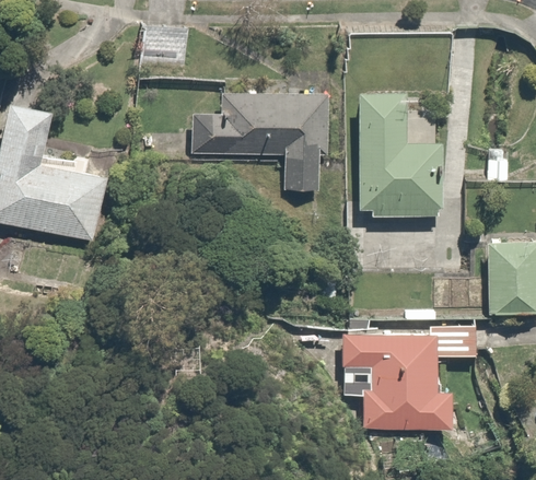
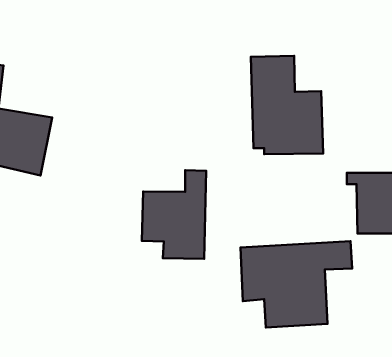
building: [196,93,330,192] -> none
building: none -> [142,170,206,259]

